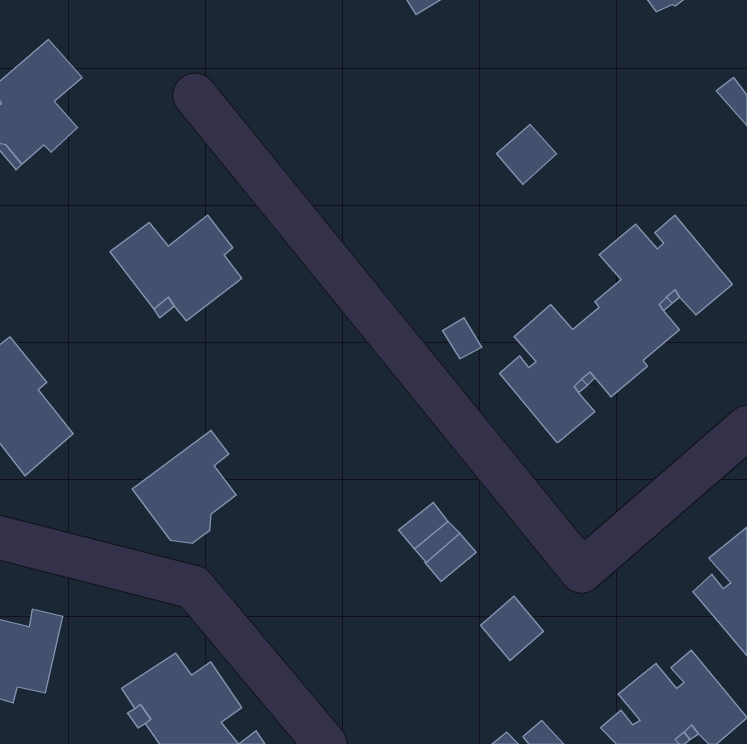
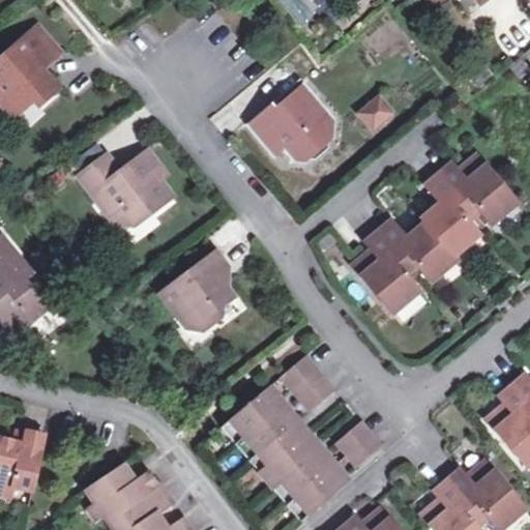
building: none -> [247,85,330,159]
building: [132,430,236,543] -> [160,253,234,332]
building: none -> [222,385,351,521]

